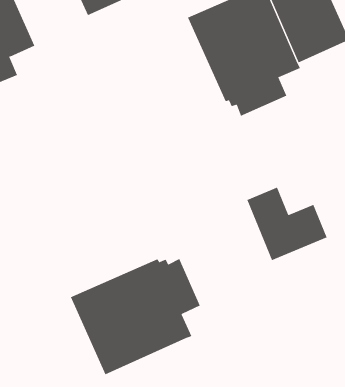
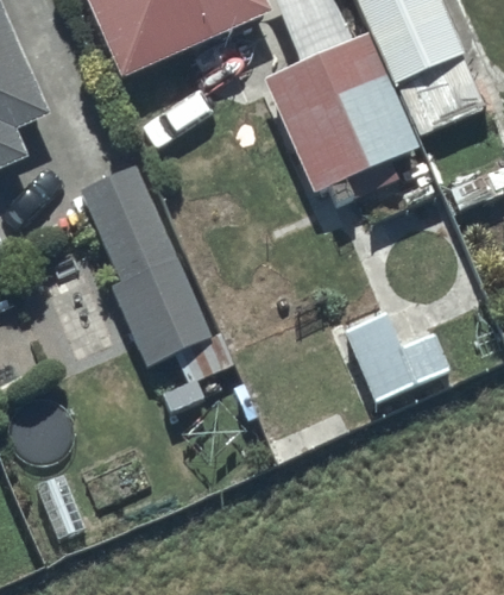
building: none -> [78,162,238,386]
building: [70,258,201,375] -> none

